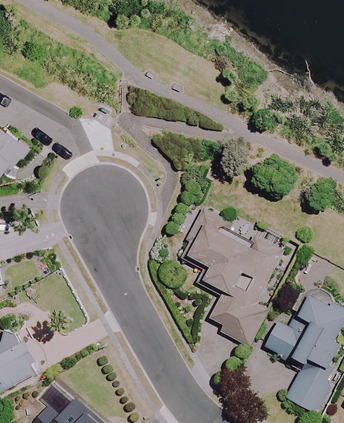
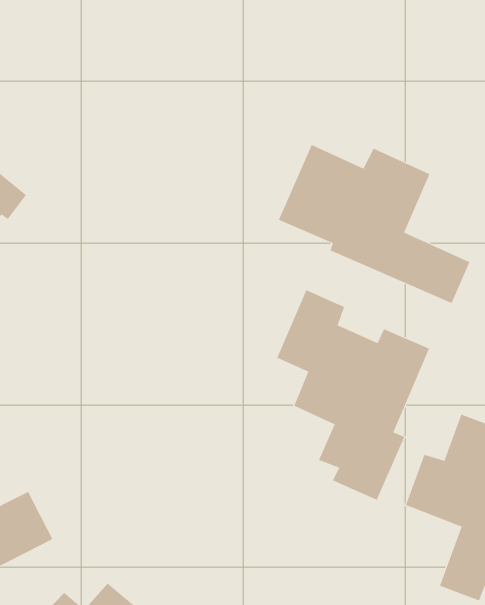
building: none -> [278,144,470,304]

